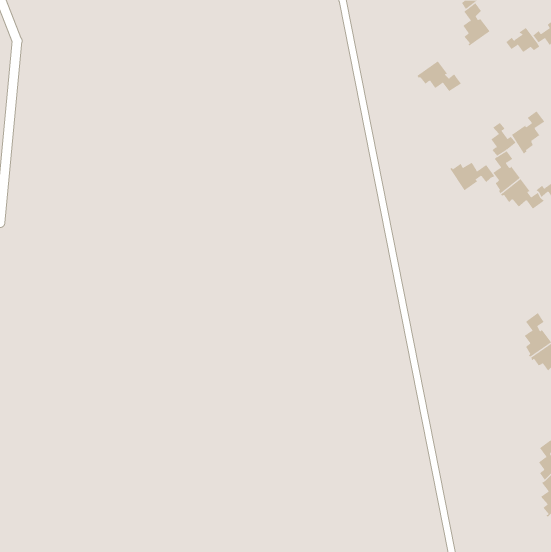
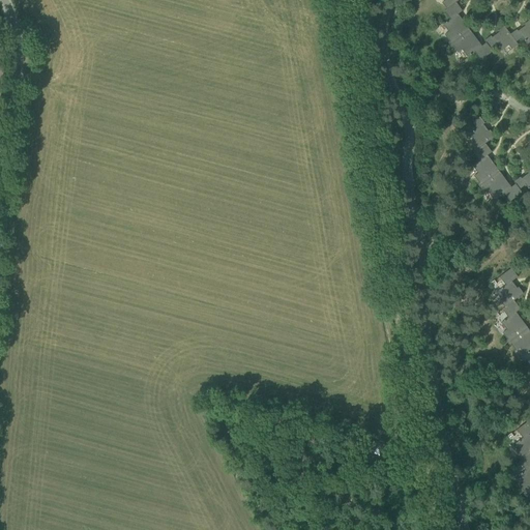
building: [417,61,462,92] -> [450,30,494,60]
building: [511,111,545,155] -> none
building: [449,162,495,191] -> none
building: none -> [498,268,524,308]

